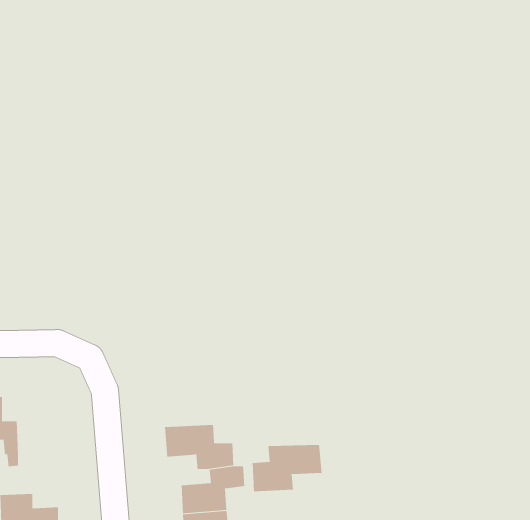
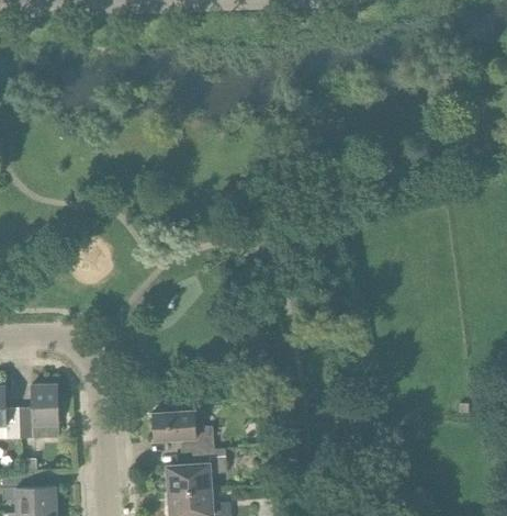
building: none -> [19,384,59,439]
building: [252,444,322,492] -> none

